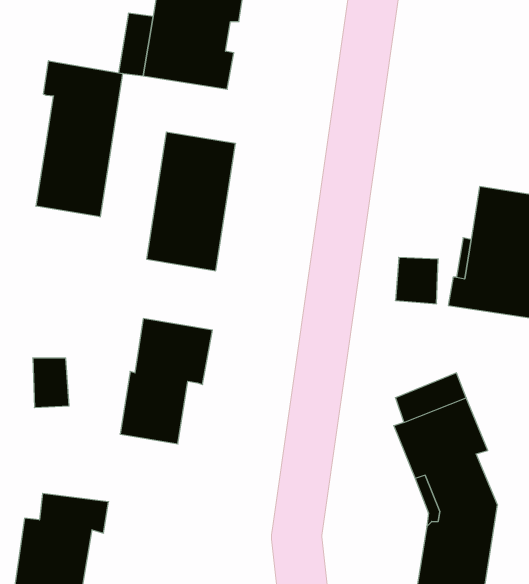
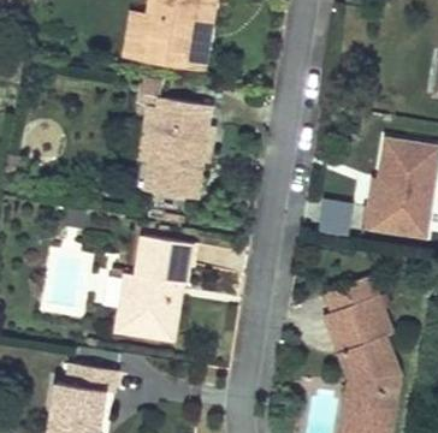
building: [36,61,122,217] -> none
building: none -> [114,274,180,339]

